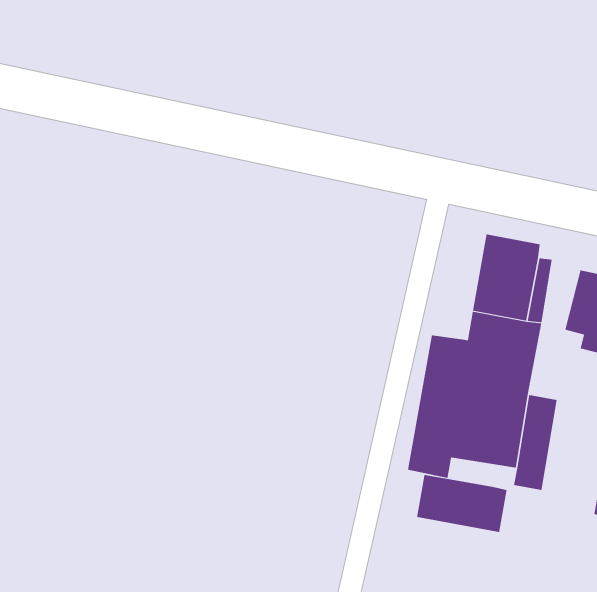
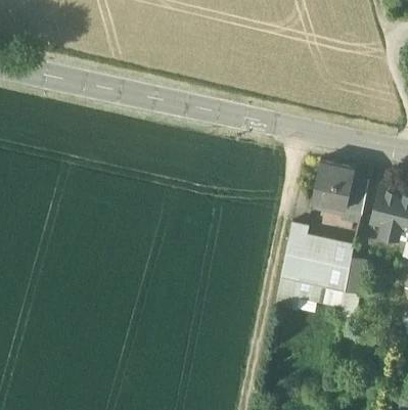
building: [416,474,507,533] -> none

